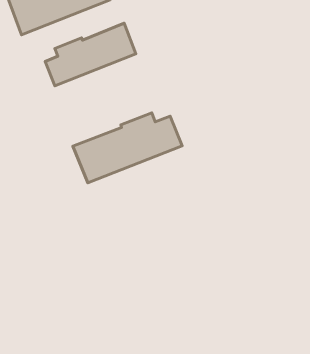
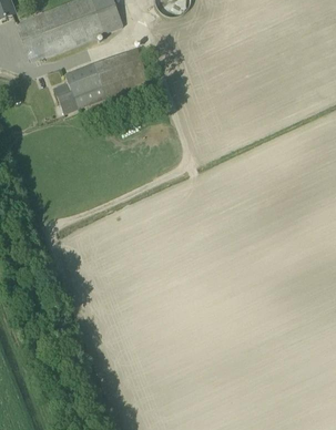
building: [73,113,182,183] -> none

